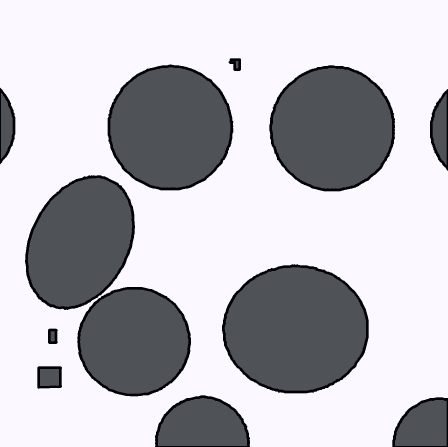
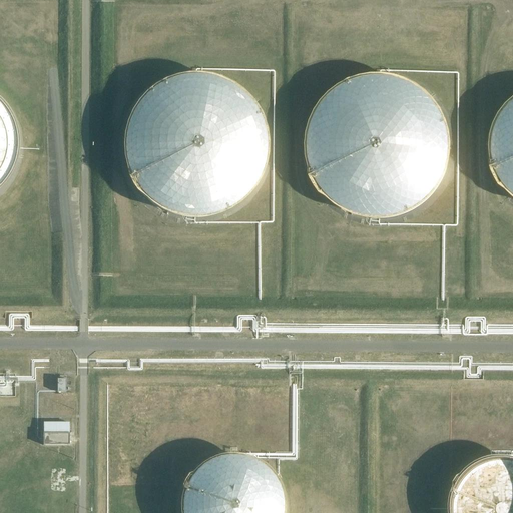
building: [27,177,133,309] -> none
building: [224,266,367,392] -> none
building: [79,288,190,395] -> none

